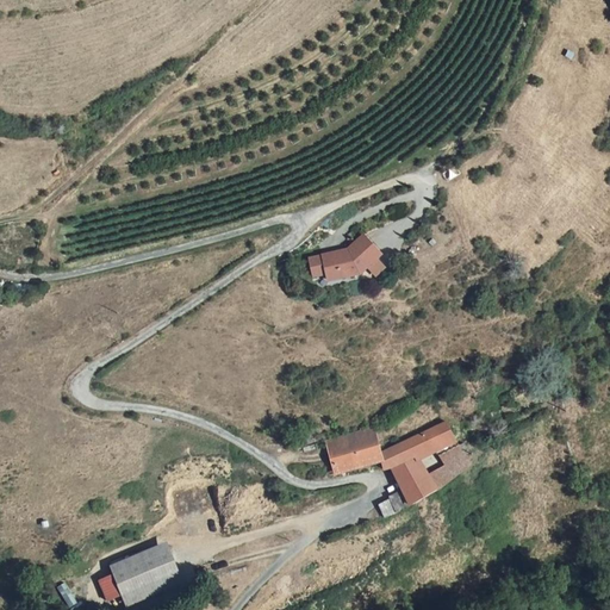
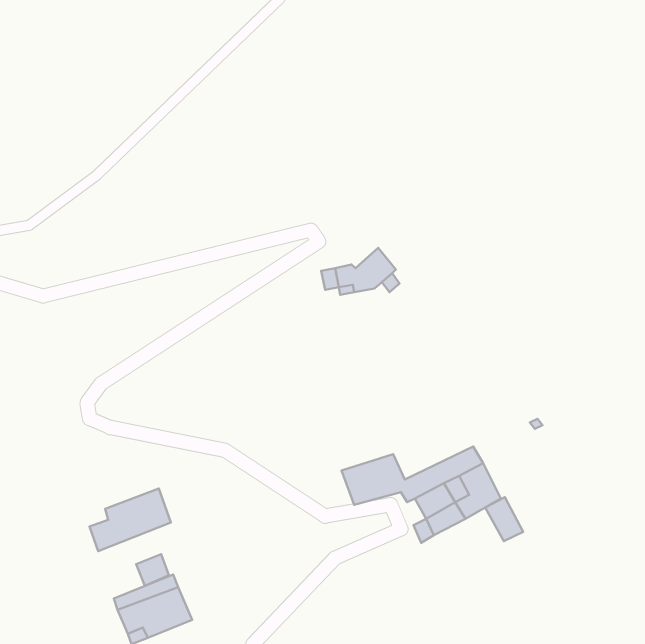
building: none -> [90,489,171,551]
building: none -> [485,497,523,541]
building: none -> [136,554,169,586]

